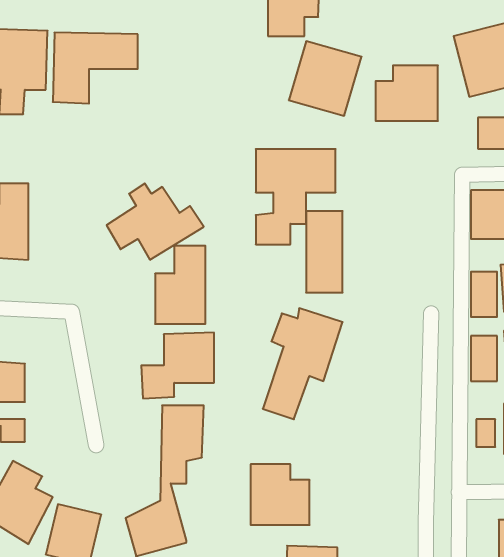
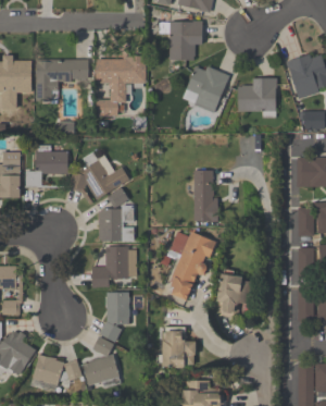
building: [256,149,336,244] -> [96,56,146,115]
building: none -> [25,149,67,186]
building: none -> [215,271,251,317]

